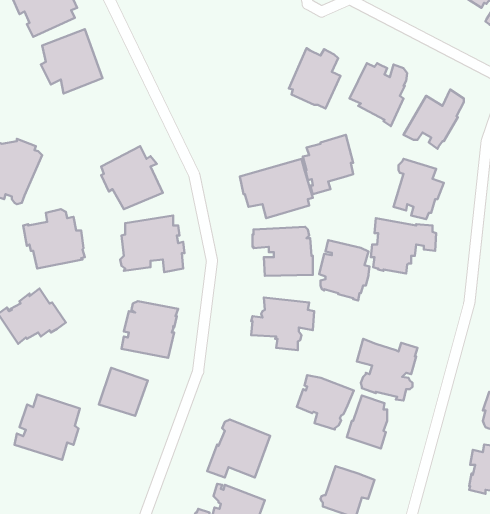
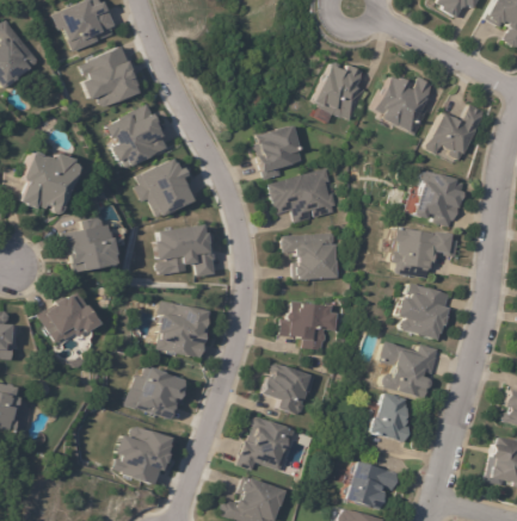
building: none -> [109,106,167,169]
building: [303,135,353,194] -> [258,124,306,180]
building: [319,240,370,301] -> [395,283,443,340]
building: [297,375,354,429] -> [264,364,318,415]
building: [14,394,80,460] -> [110,422,172,484]

